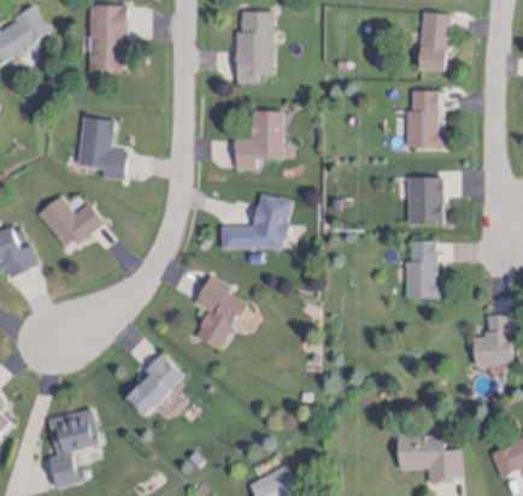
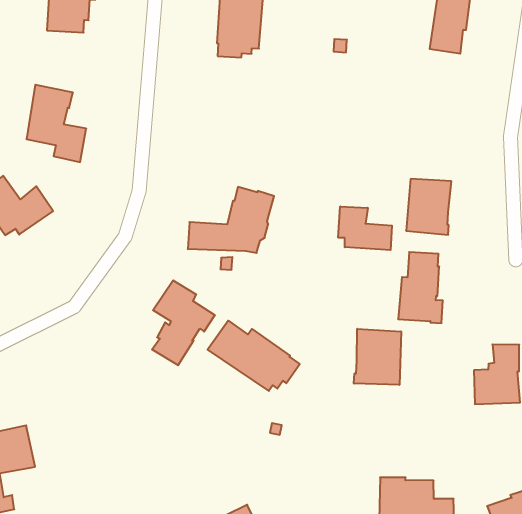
building: [407,91,443,148] -> none
building: [235,112,283,170] -> none
building: none -> [338,206,392,250]
building: none -> [208,321,300,391]
building: none -> [354,329,401,385]
building: [128,355,184,413] -> none

